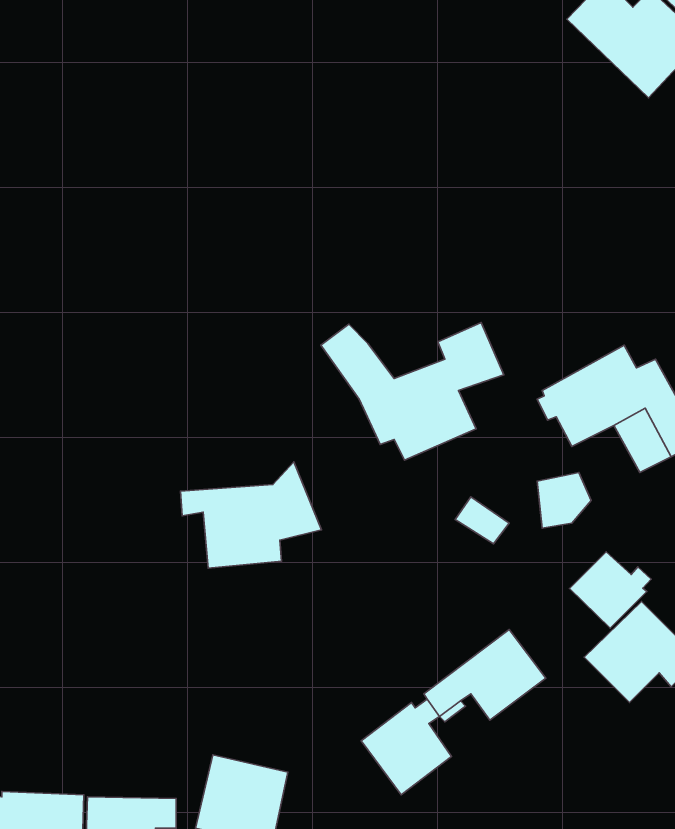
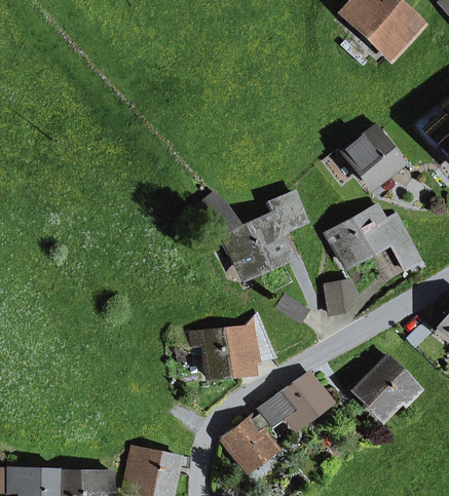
building: none -> [343,124,403,185]
building: [180,462,322,568] -> [191,314,274,377]
building: [570,552,651,628] -> none

